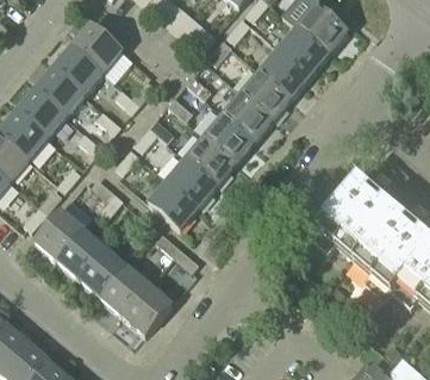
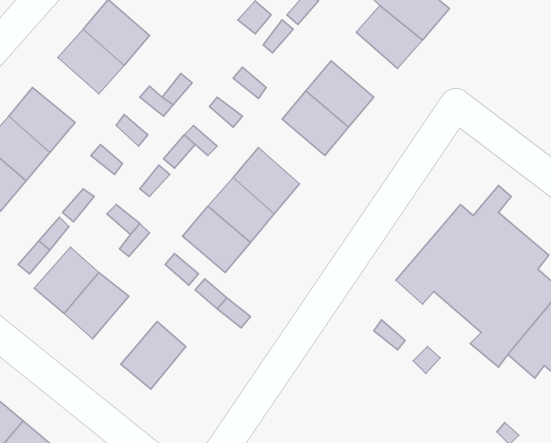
building: [258,46,309,95] -> none
building: [33,66,83,114] -> none
building: [204,112,254,161] -> none
building: [79,245,127,297] -> none
building: [123,284,172,334] -> none

